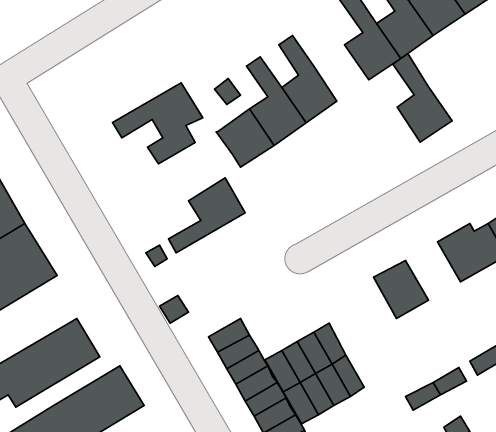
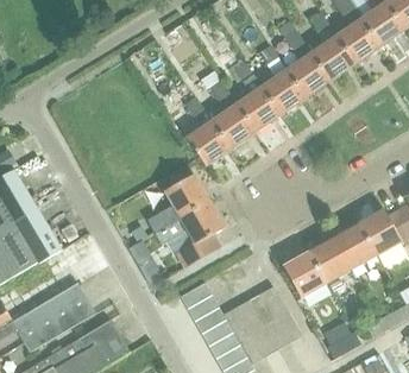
building: [393,54,452,142] -> [258,45,304,114]
building: [113,83,203,164] -> [155,201,225,264]
building: none -> [333,223,376,268]
building: none -> [283,251,326,297]

